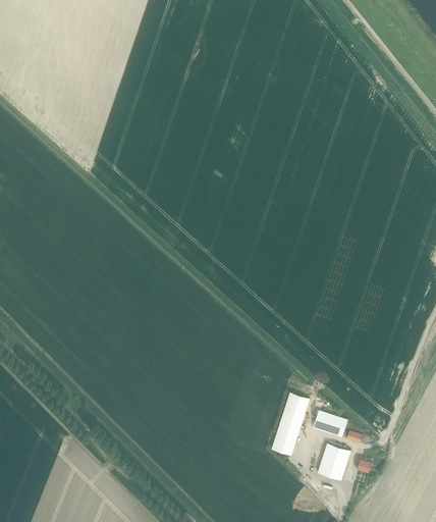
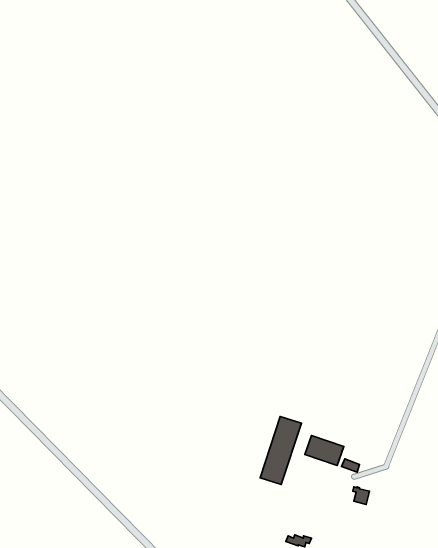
building: [317,442,350,480] -> none

